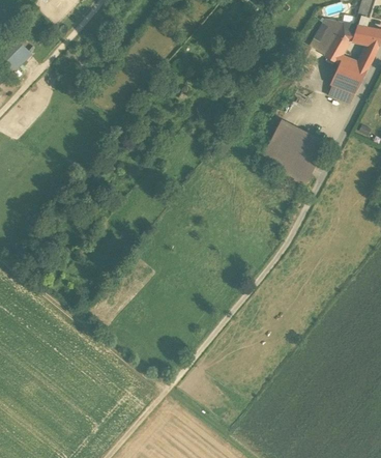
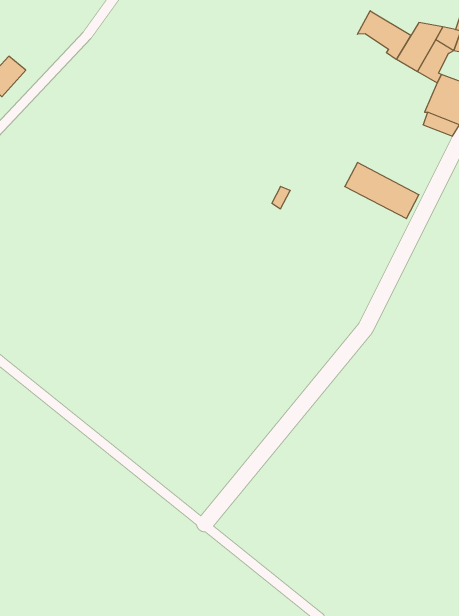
building: none -> [357,11,411,59]
building: [261,139,316,181] -> none

